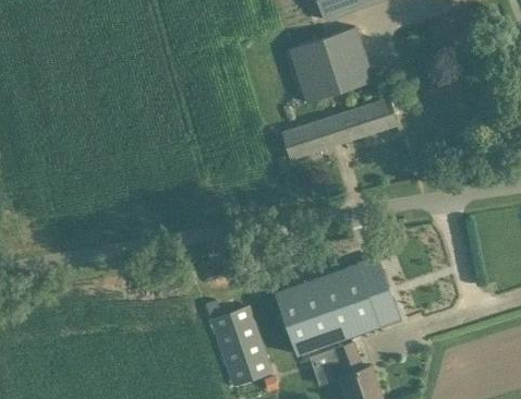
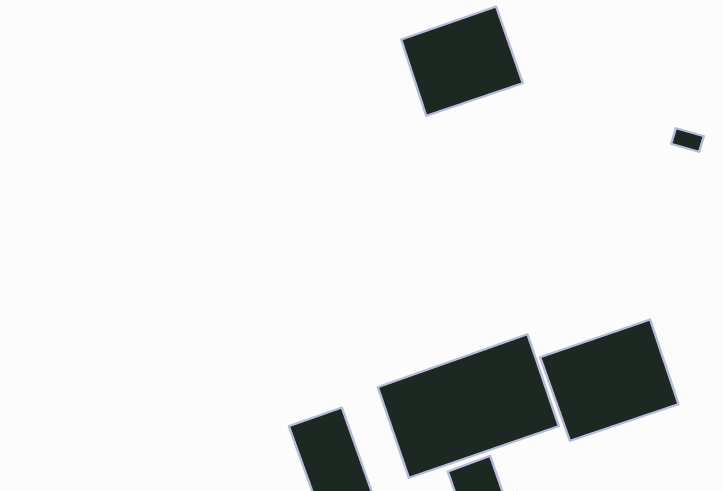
building: [282,97,399,159] -> none
building: none -> [540,319,678,441]

